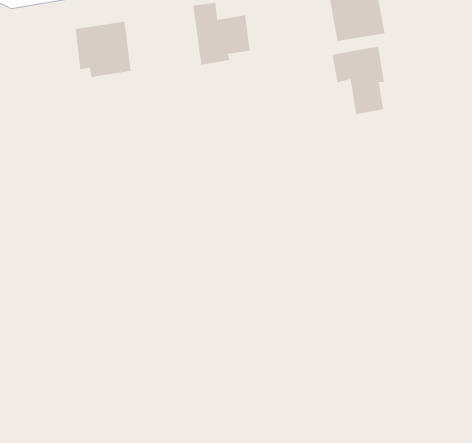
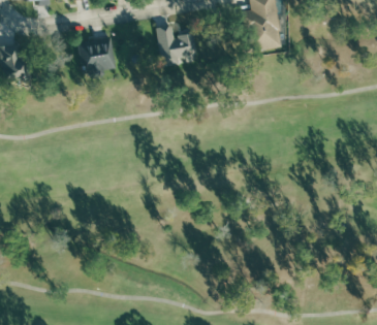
building: [332,46,384,115] -> none

